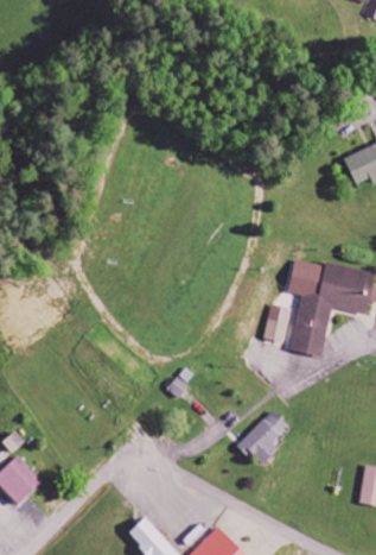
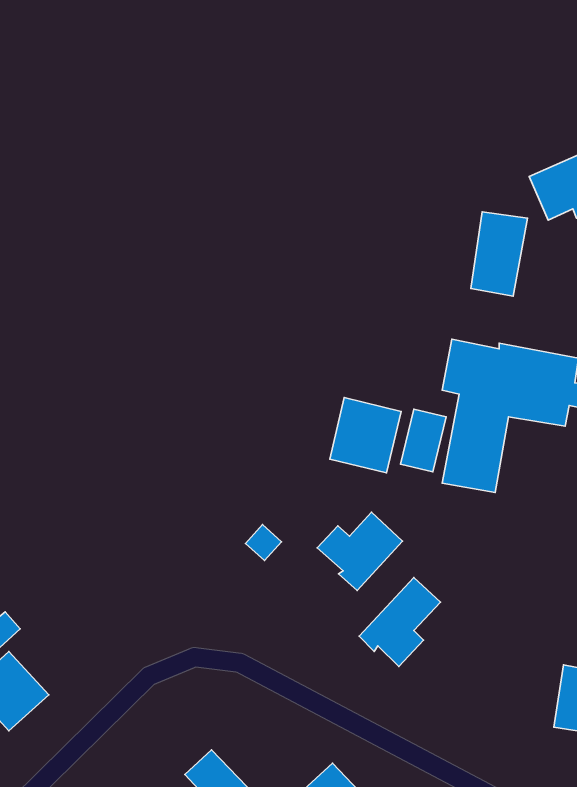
building: none -> [471,212,528,296]
building: none -> [330,398,401,473]
building: none -> [317,512,403,591]

